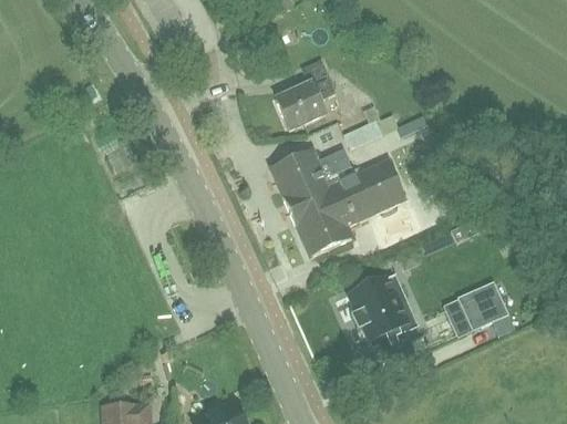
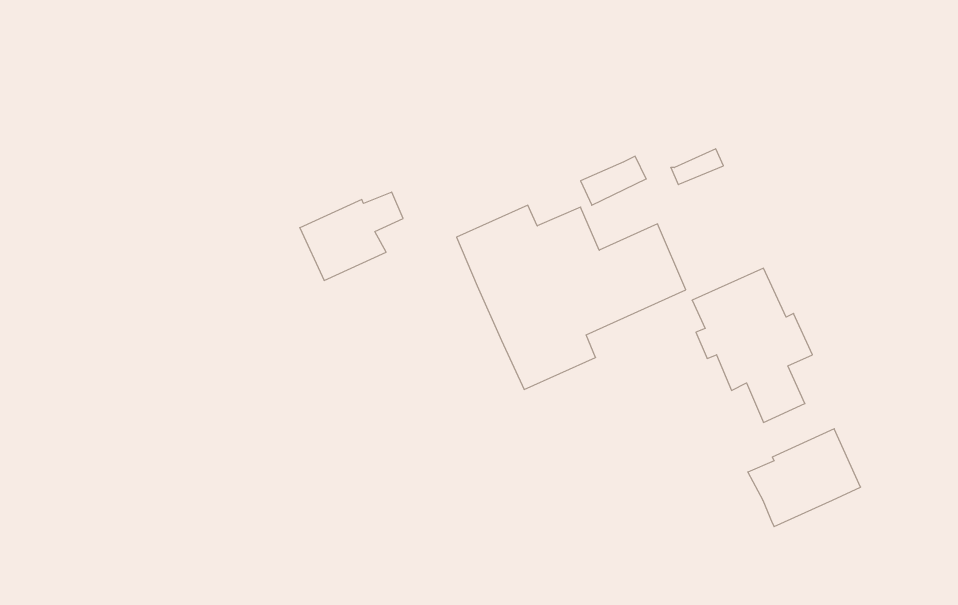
building: [275,77,336,130] -> [300,192,403,280]
building: [348,276,419,366] -> [692,268,812,422]

